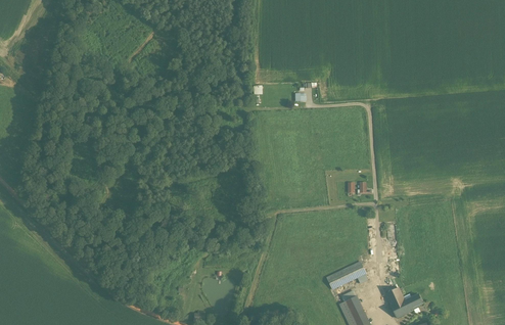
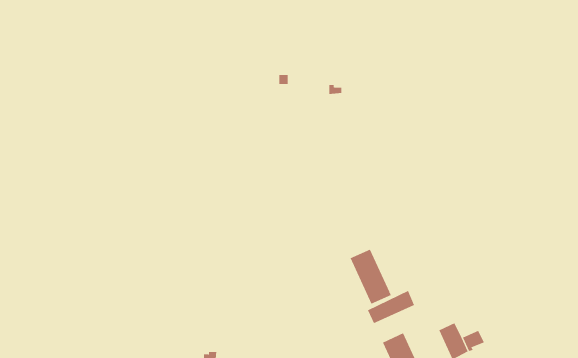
building: none -> [350,249,391,305]

